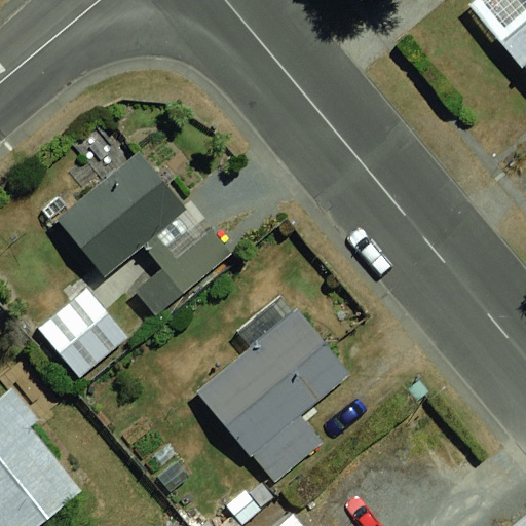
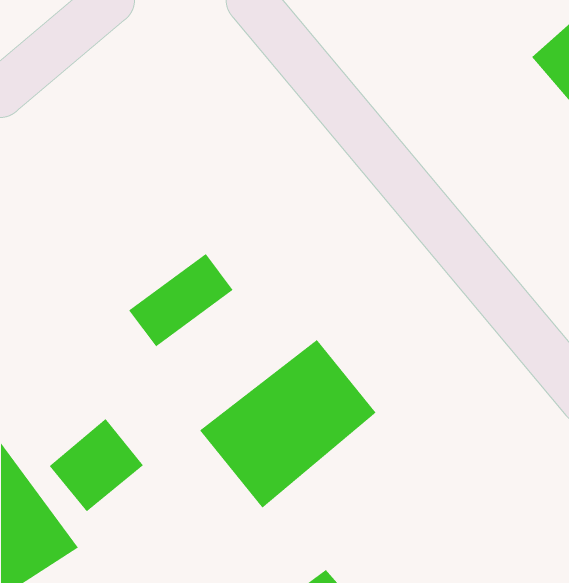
building: [49,151,180,276] -> none
building: [42,298,127,382] -> [49,418,144,512]

